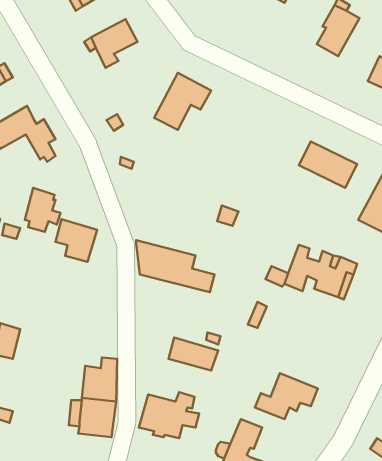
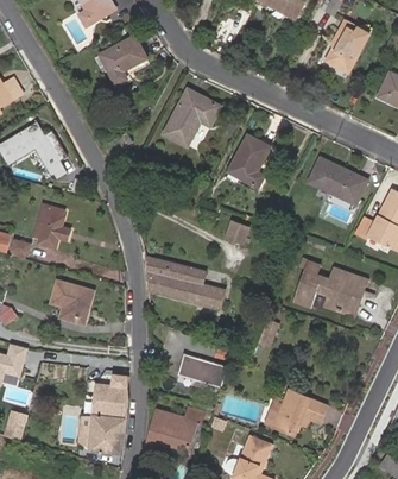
building: none -> [229,135,270,187]
building: [56,219,97,262] -> [51,281,93,323]

